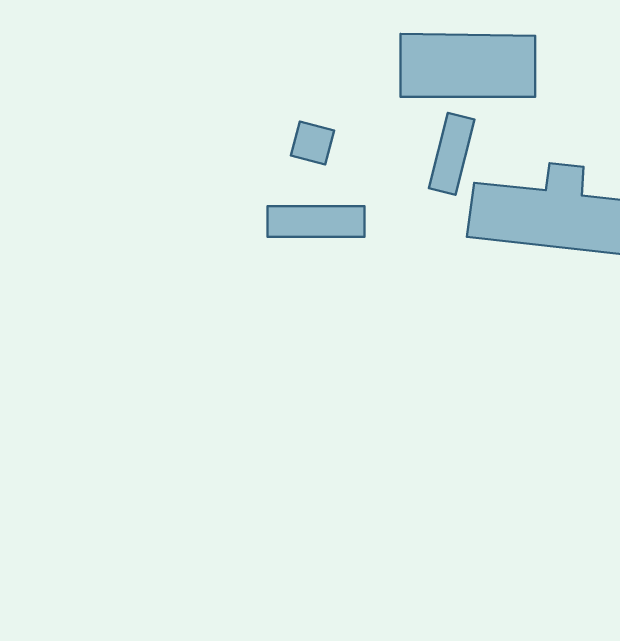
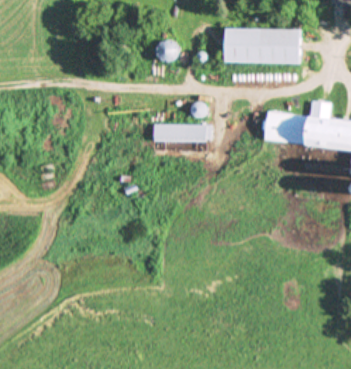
building: [429,113,475,195] -> none
building: [291,121,334,165] -> [156,40,180,64]

